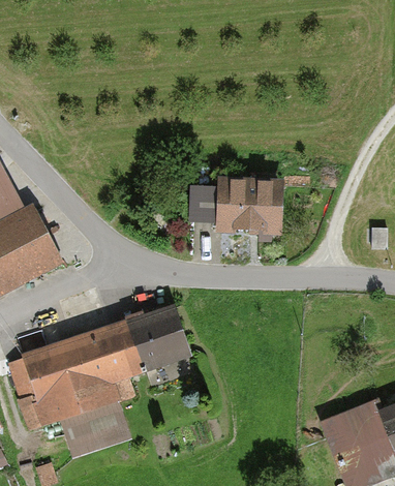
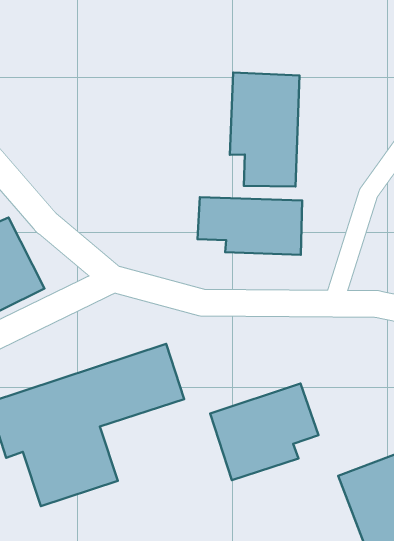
building: none -> [230,72,299,187]
building: none -> [210,384,318,480]

